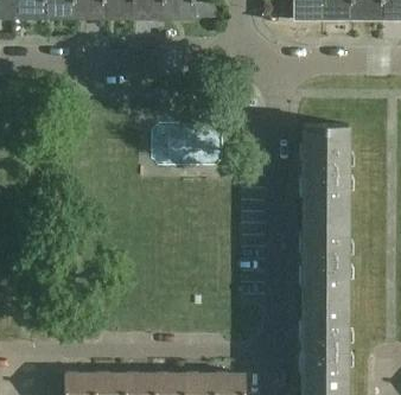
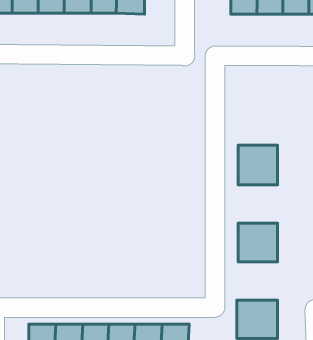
building: [301,123,346,168] -> none
building: [301,214,346,257] -> none
building: [300,301,346,345] -> none

